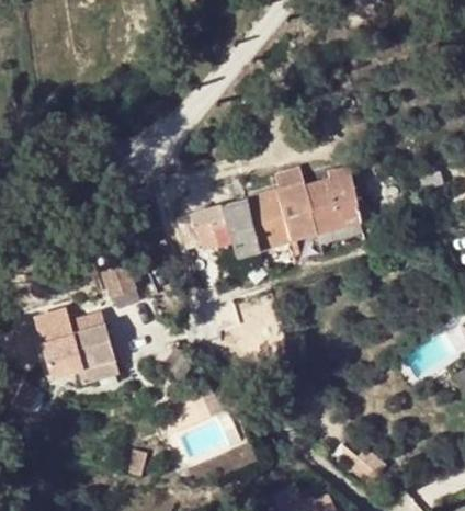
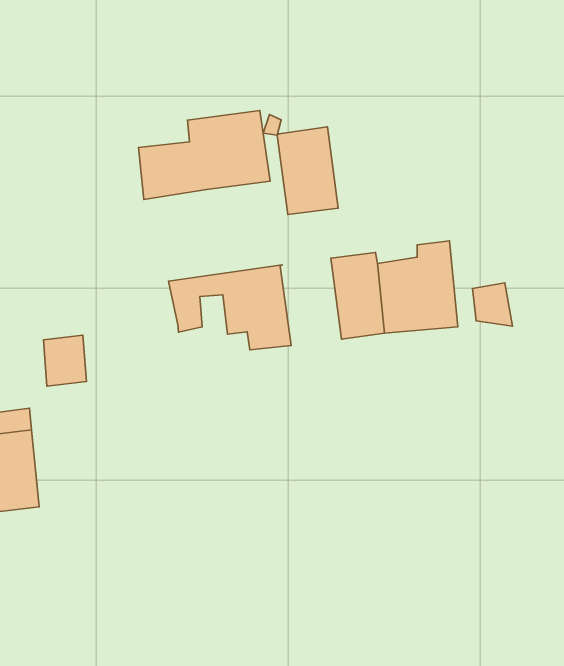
building: none -> [138,110,270,199]
building: [245,191,290,249] -> [277,127,338,215]

